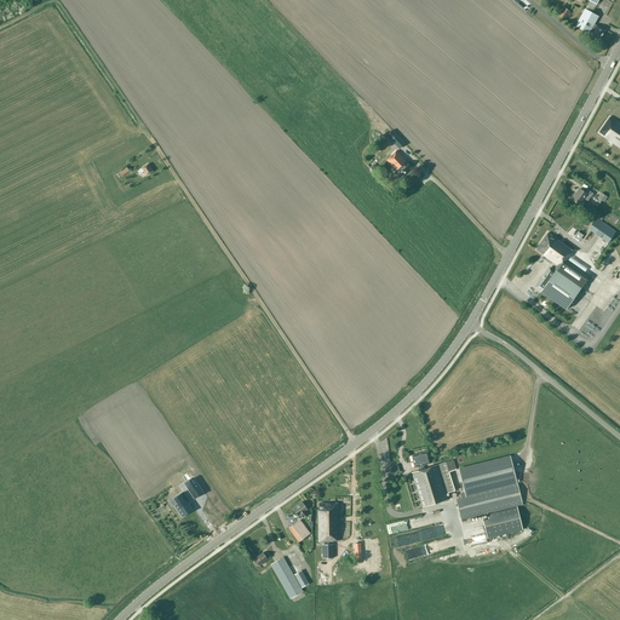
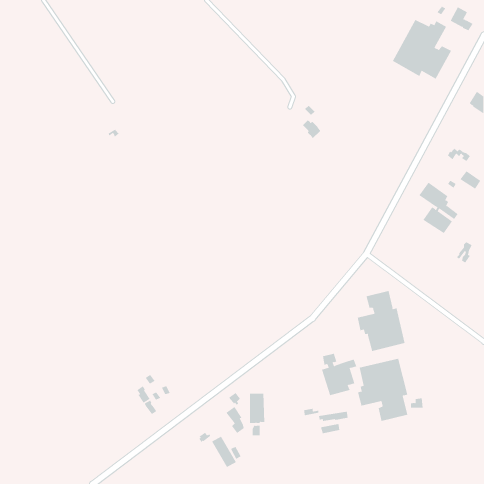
building: none -> [392,19,452,79]
building: none -> [357,290,405,352]

